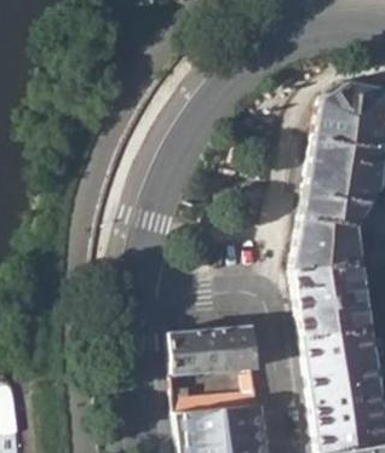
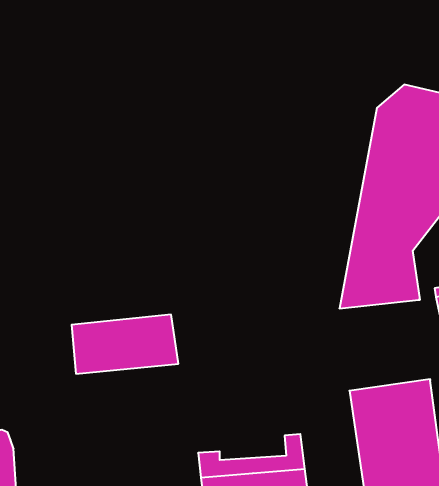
building: [292,262,368,338] -> none
building: [168,325,258,374] -> [72,315,178,374]

